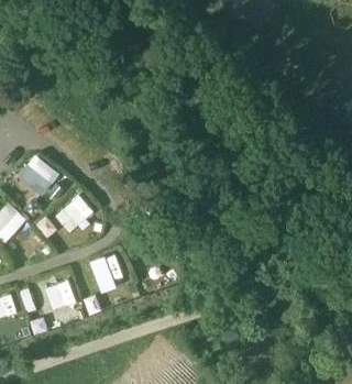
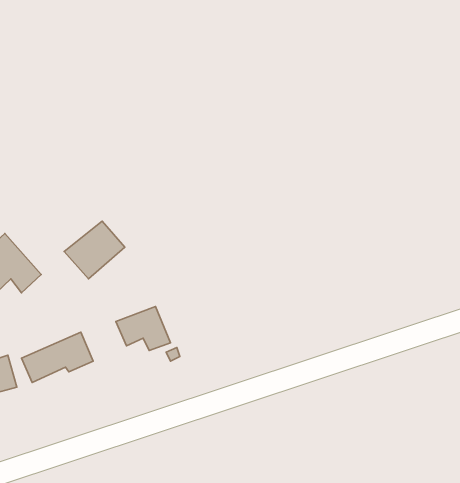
building: [18,157,59,199] -> none

